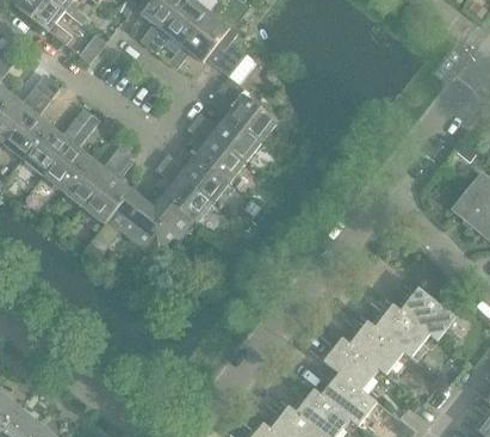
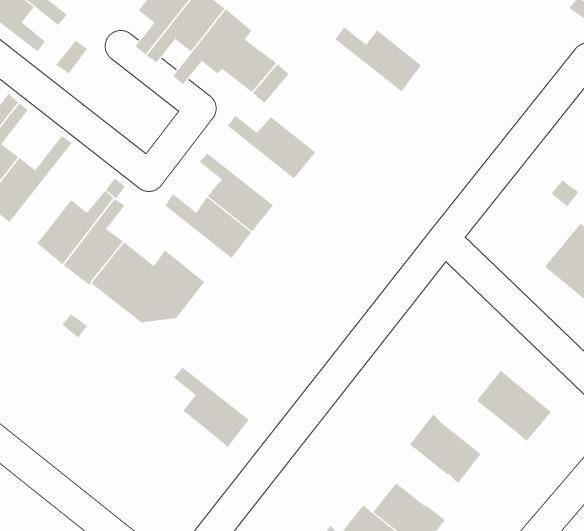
building: [193,111,260,161] -> [335,26,422,92]
building: [43,113,98,190] -> none
building: [154,161,212,223] -> [173,367,250,448]
building: [373,303,429,357] -> none
building: [323,337,378,390] -> none

